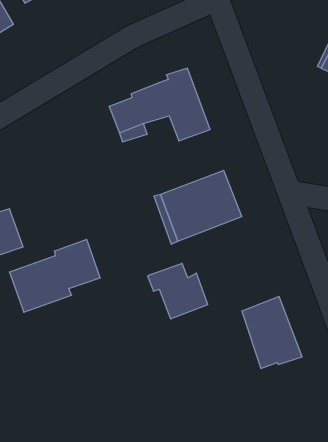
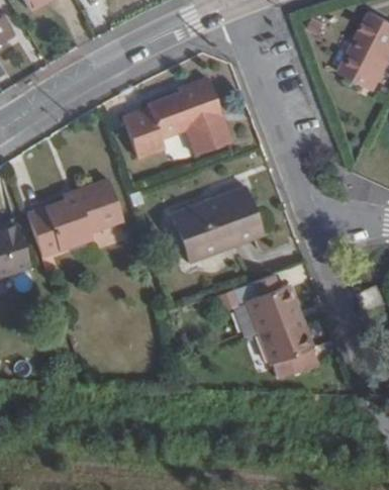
building: [9,240,100,312] -> [26,179,122,256]
building: [148,263,208,319] -> [234,274,298,332]

